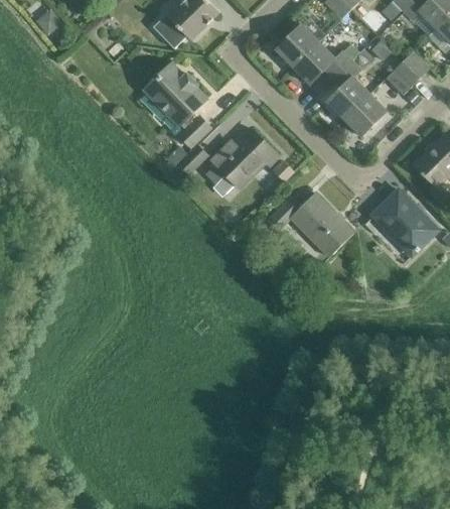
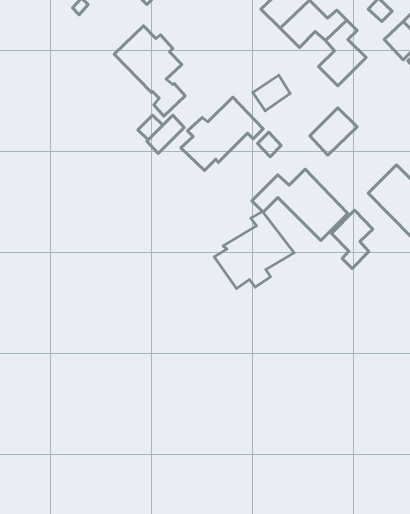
building: [343,94,386,136] -> [310,108,357,155]
building: none -> [253,75,290,111]
building: none -> [331,210,373,269]
building: none -> [214,211,294,288]

